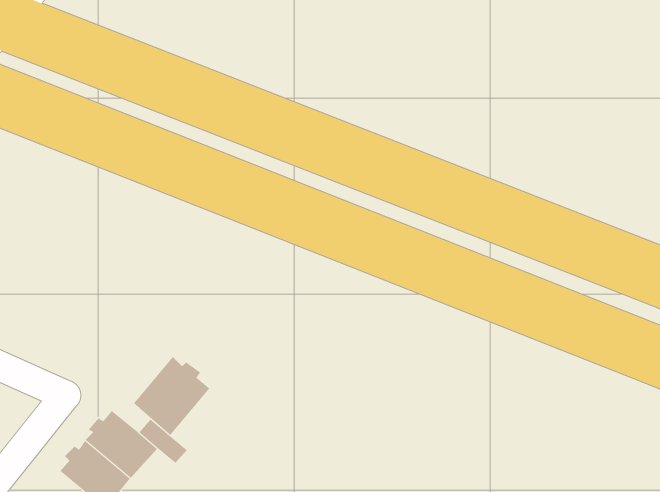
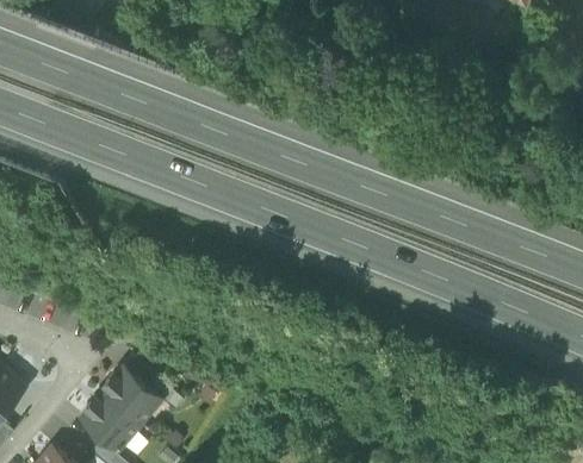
building: [133,356,210,436] -> none

